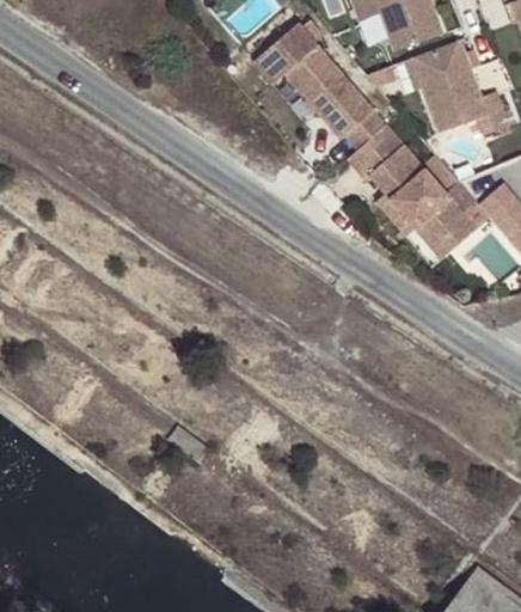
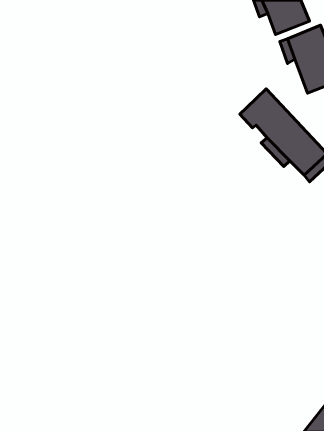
building: [251,27,387,152] -> none

